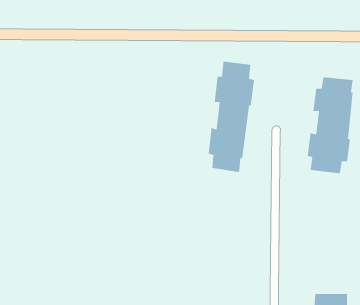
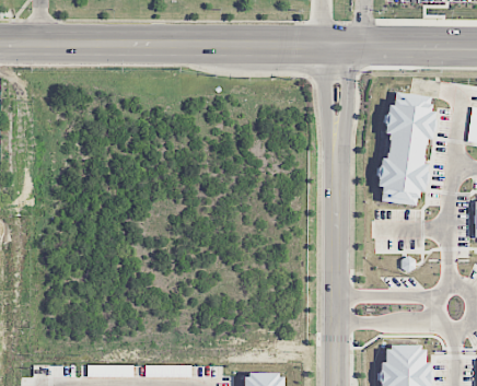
building: [208,61,254,173] -> none

